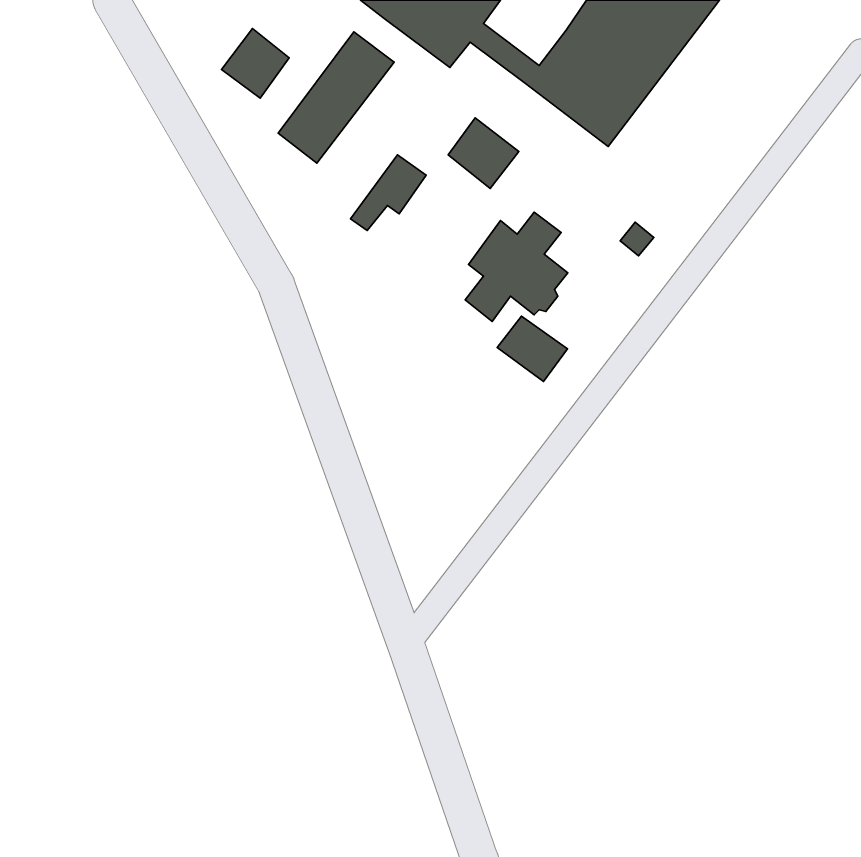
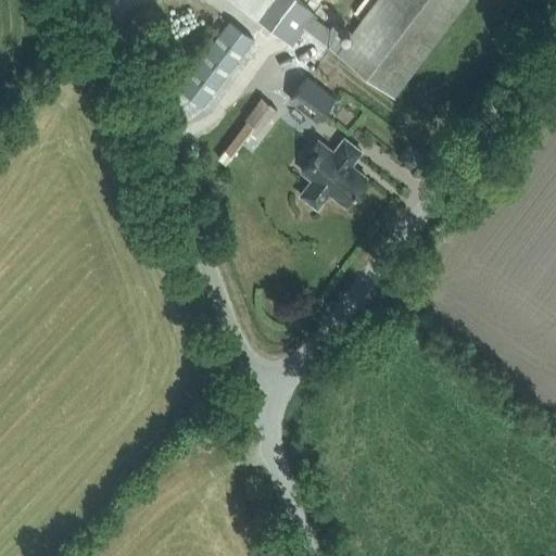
building: [222,29,289,98] -> none
building: [497,316,568,382] -> none

